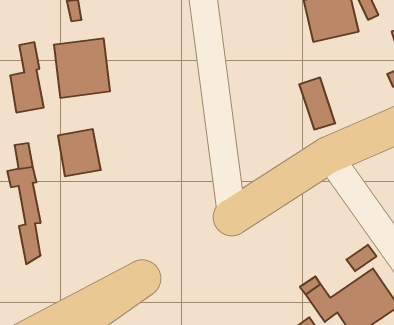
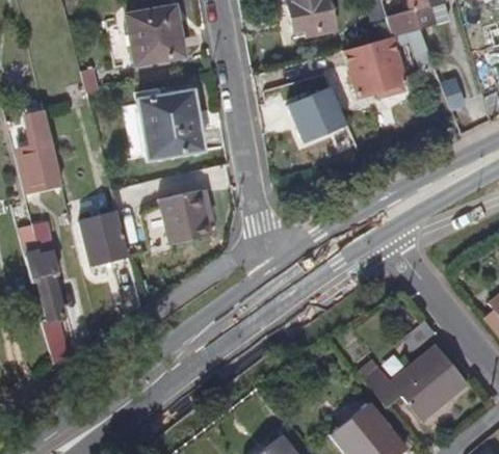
building: [54,38,110,98] -> [135,88,201,157]
building: [299,77,335,130] -> [303,85,345,143]
building: none -> [160,189,210,242]

